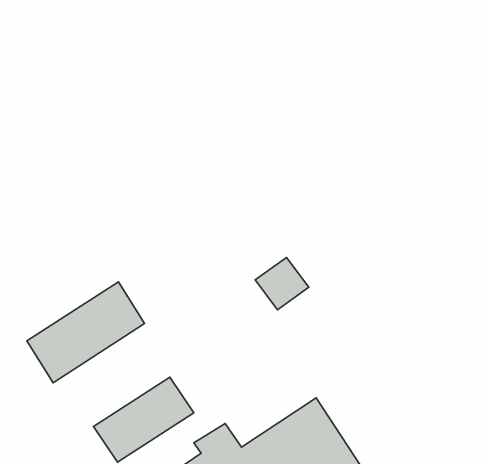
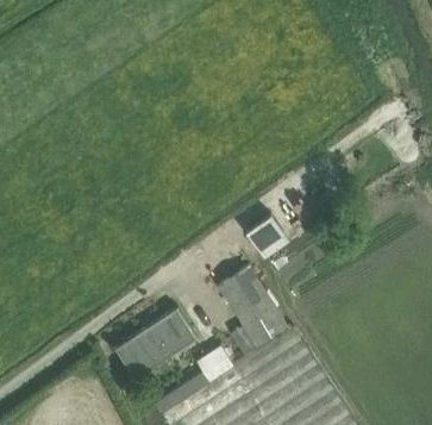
building: [27,282,145,383] -> none
building: none -> [218,267,287,346]

